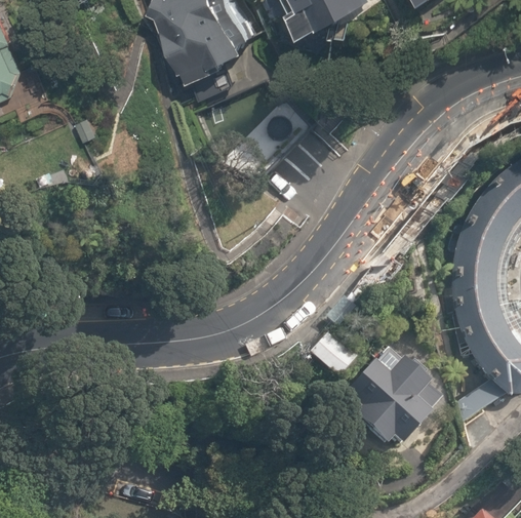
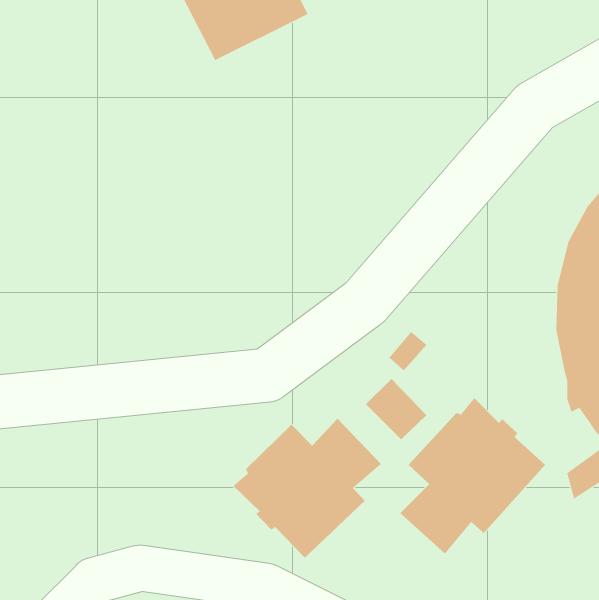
building: none -> [233,418,382,559]

